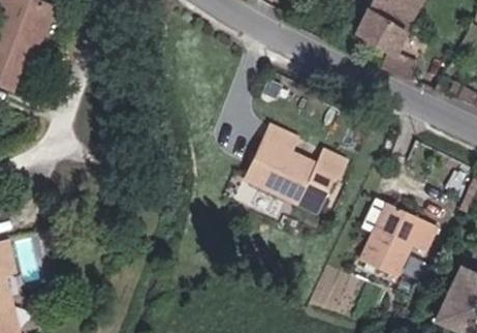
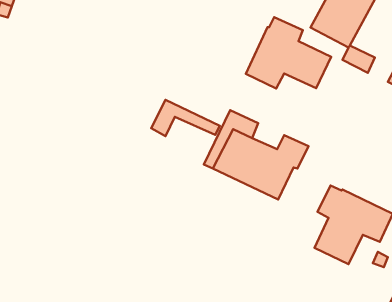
building: none -> [246,17,331,88]
building: none -> [151,100,220,136]

